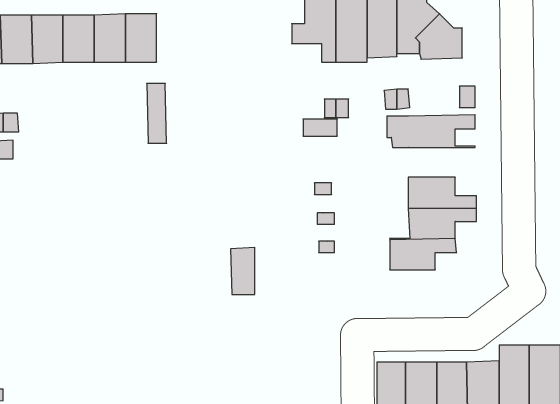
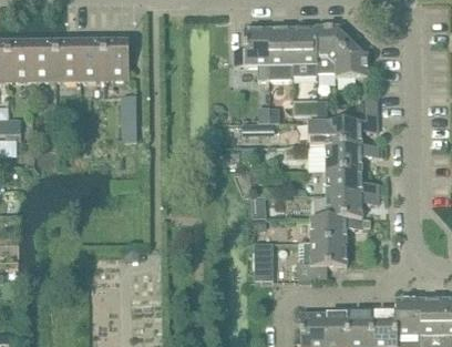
building: none -> [326,144,378,167]
building: [231,247,255,294] -> [255,242,274,278]
building: none -> [297,239,347,275]

